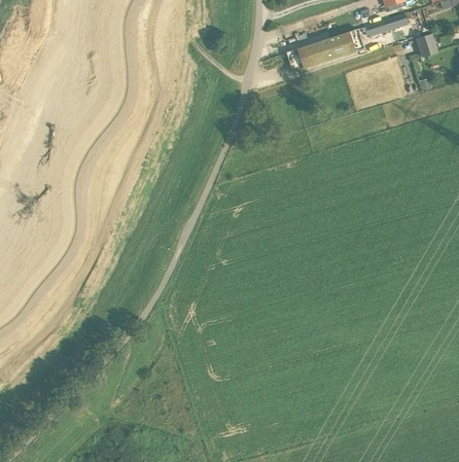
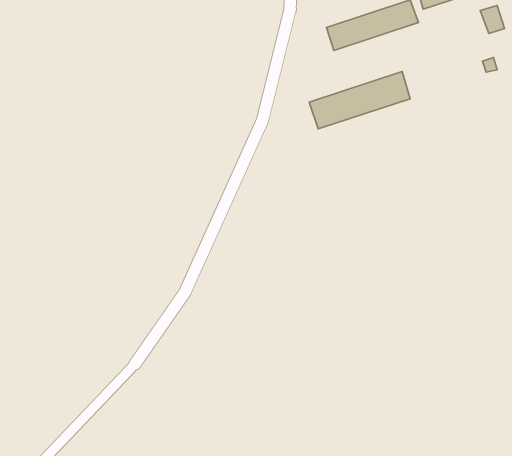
building: none -> [309,72,410,129]

